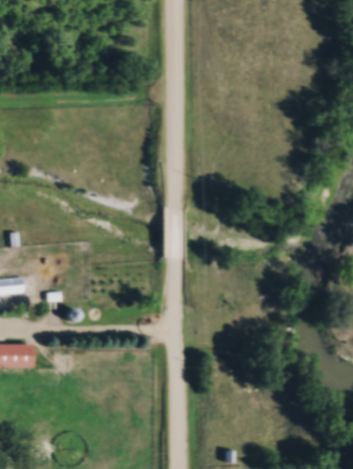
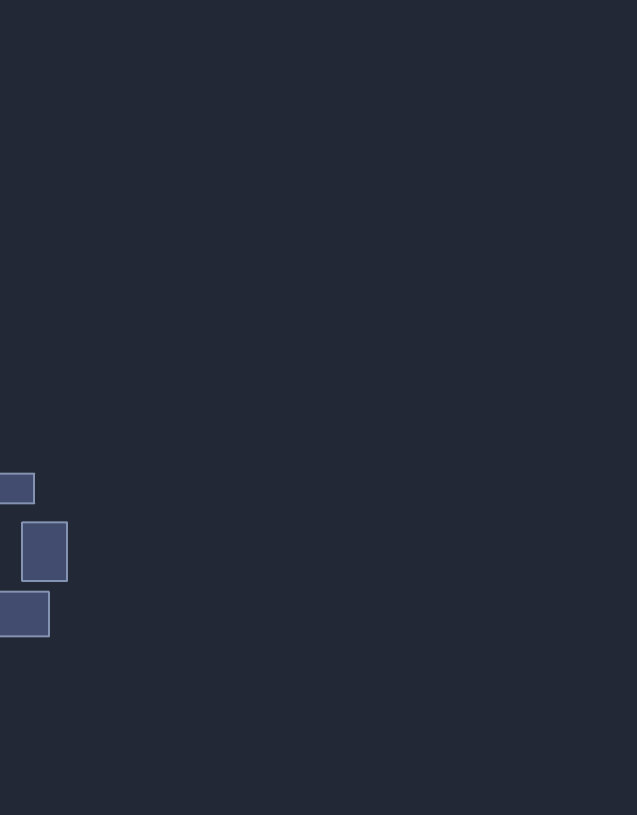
building: none -> [22,522,67,581]

